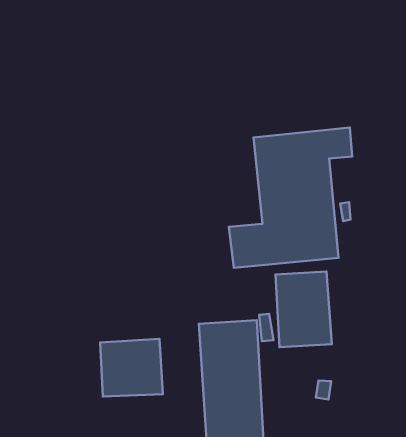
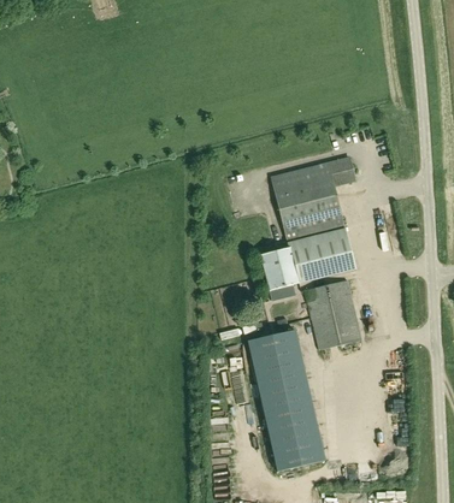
building: [100,339,163,396] -> none

